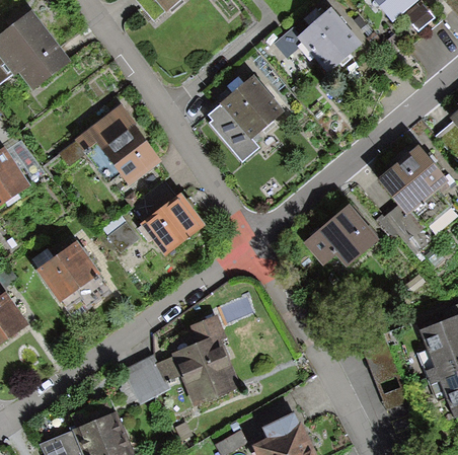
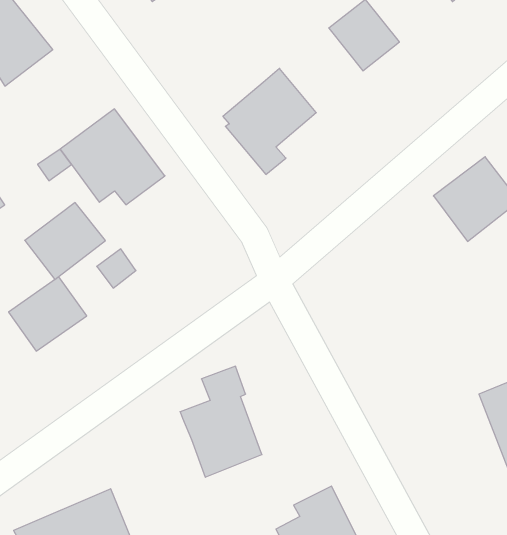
building: [139,194,204,255] -> [25,203,105,280]
building: [305,202,379,275] -> none
building: [125,354,183,400] -> none

